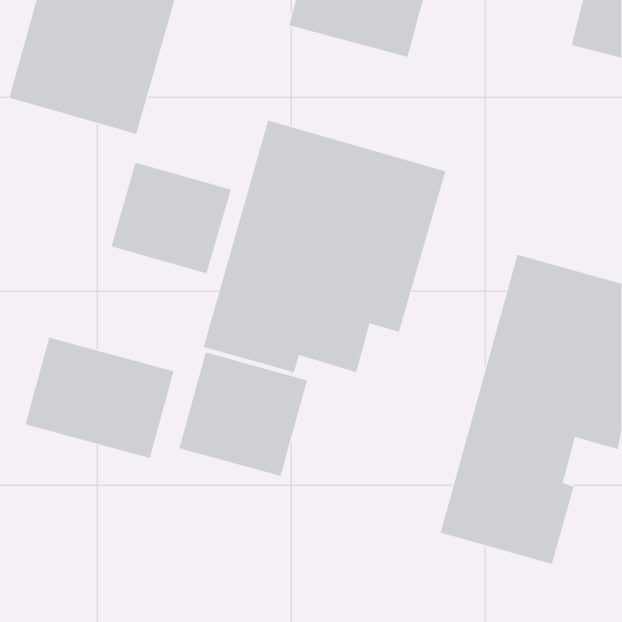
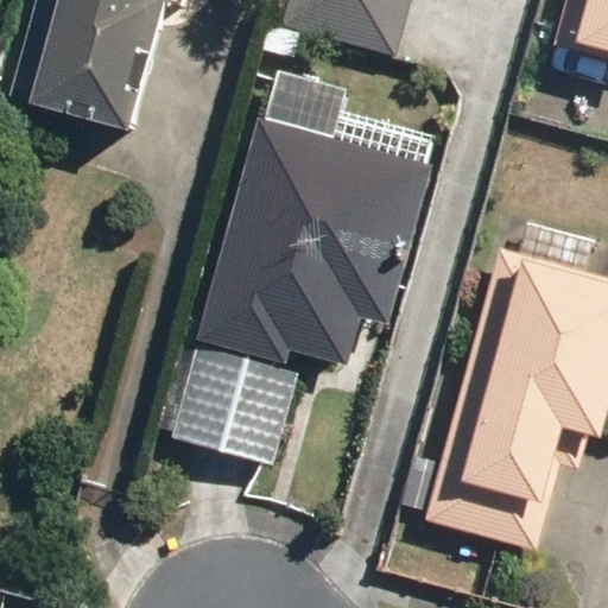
building: [111,162,231,274] -> none
building: [25,337,174,459] -> none

